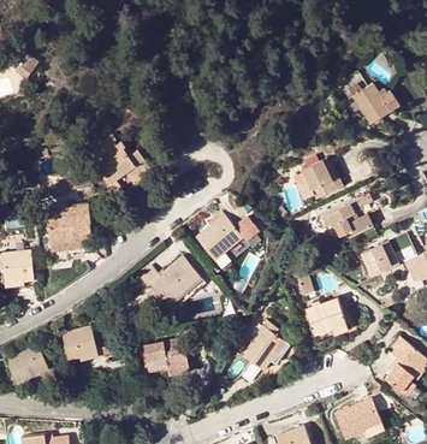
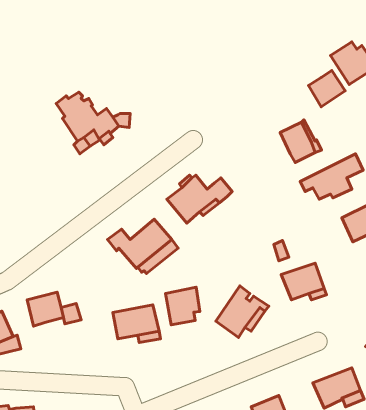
building: none -> [309,70,345,107]
building: [45,202,91,262] -> none
building: none -> [165,287,200,325]

